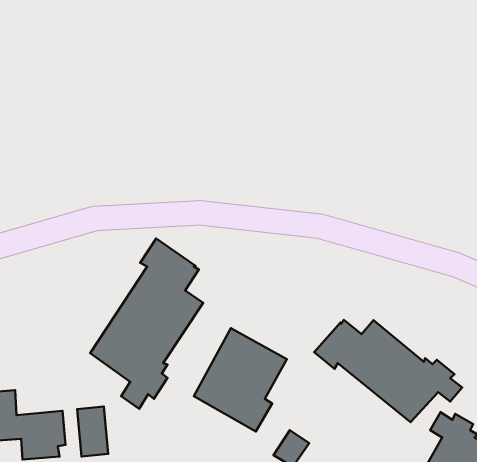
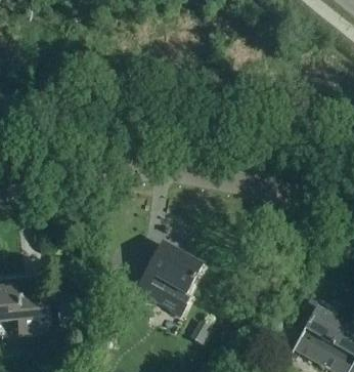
building: [90,239,203,409] -> none
building: [314,320,462,422] -> none

